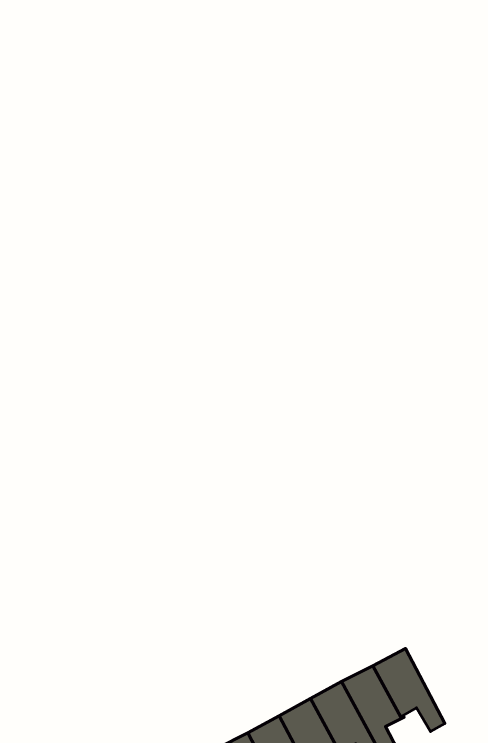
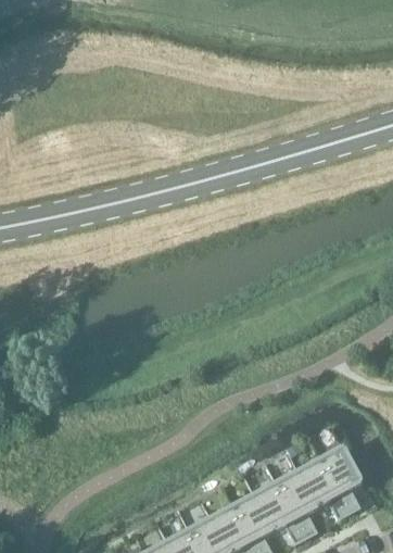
building: none -> [320,448,362,512]

